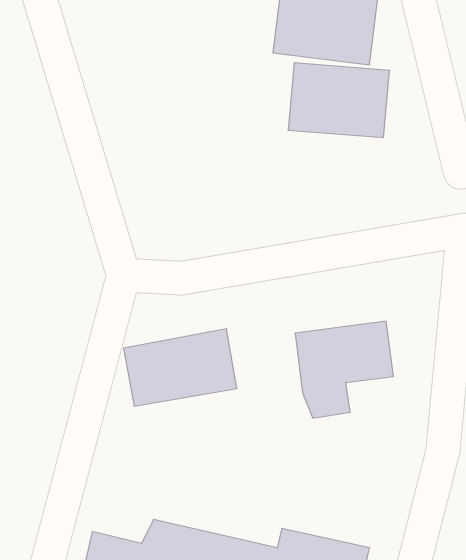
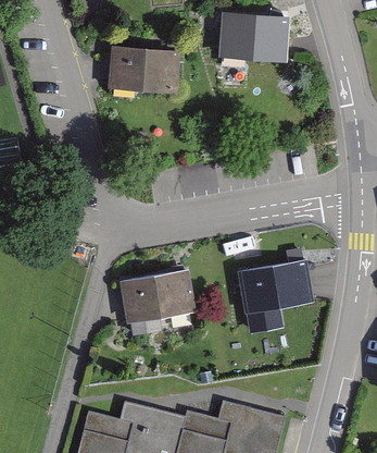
building: [288,63,390,137] -> [112,46,186,100]

